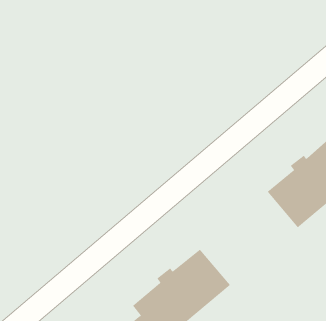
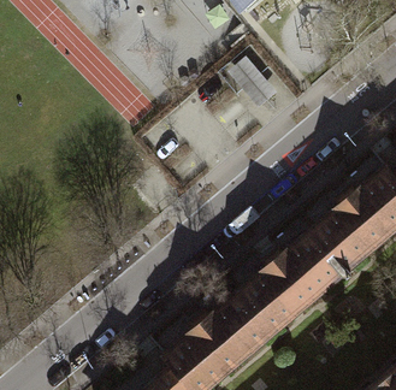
building: none -> [238,231,345,333]

